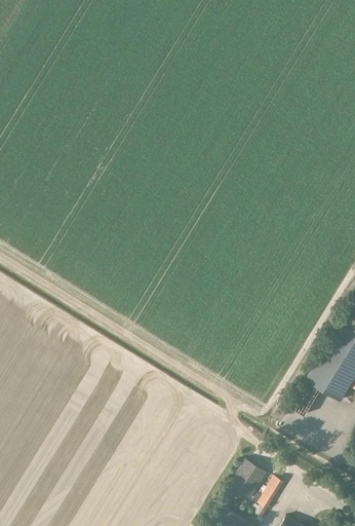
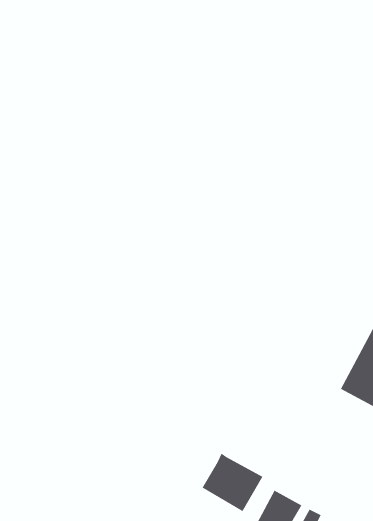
building: none -> [202,452,264,512]

